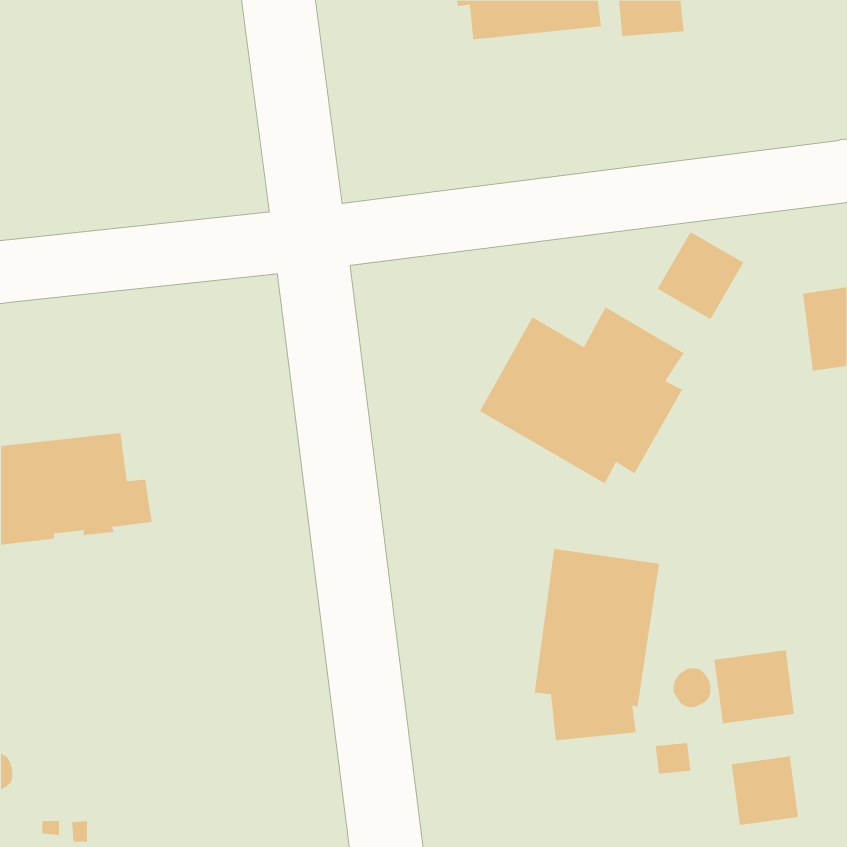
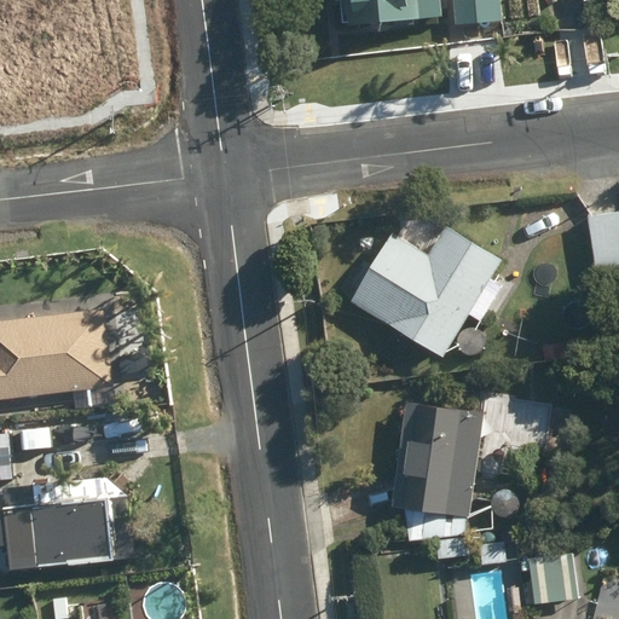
building: [657,231,744,320] -> none
building: [714,649,795,724] -> none
building: none -> [11,475,135,571]

